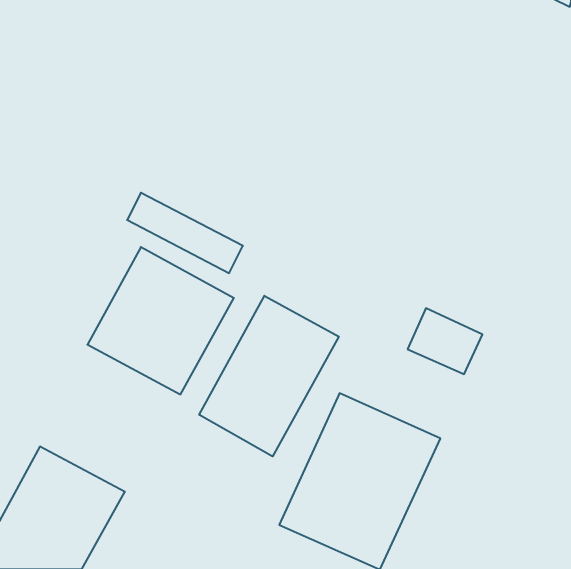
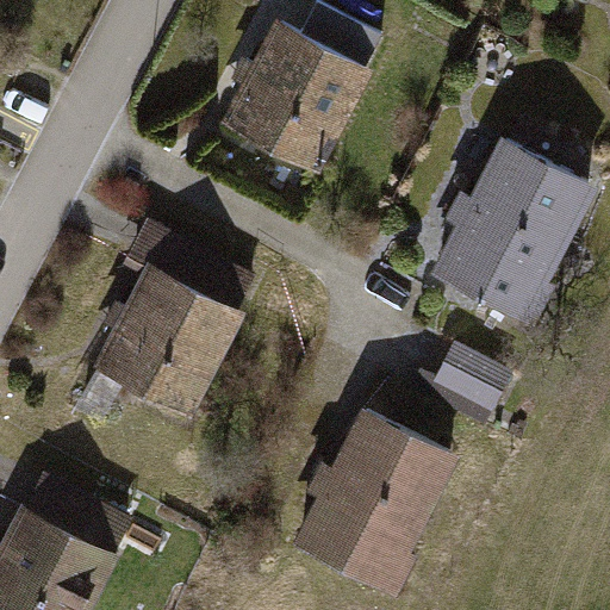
building: none -> [230,23,368,175]
building: none -> [431,141,593,330]
building: [199,296,339,456] -> none

